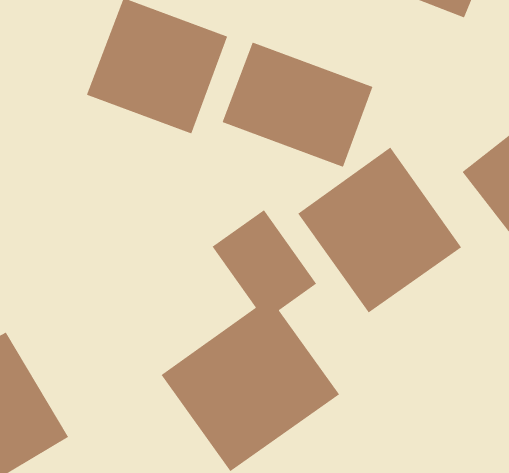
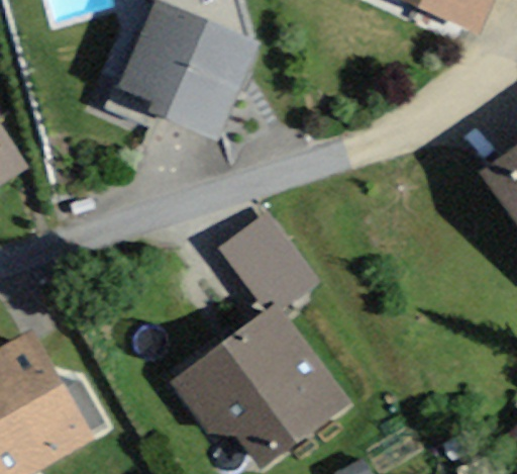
building: [221,42,373,168] -> none
building: [297,147,462,313] -> none

